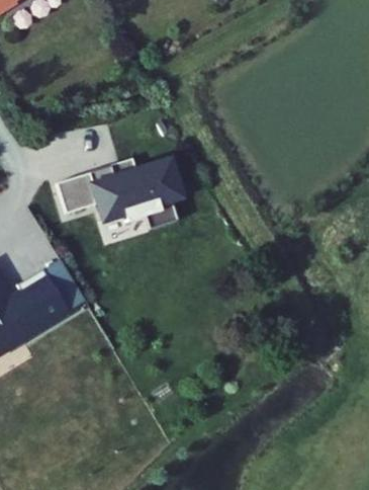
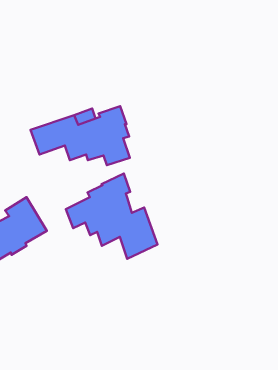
building: none -> [66,174,158,259]

